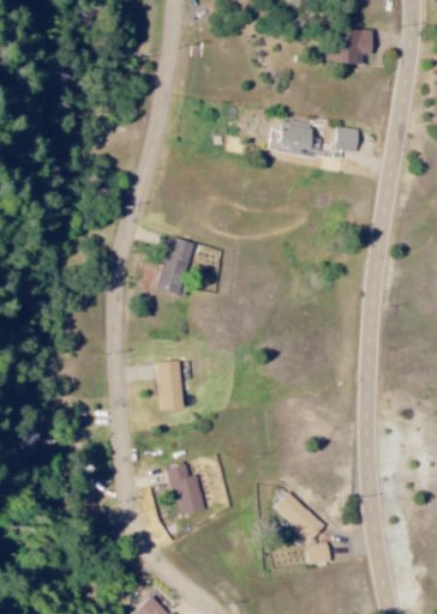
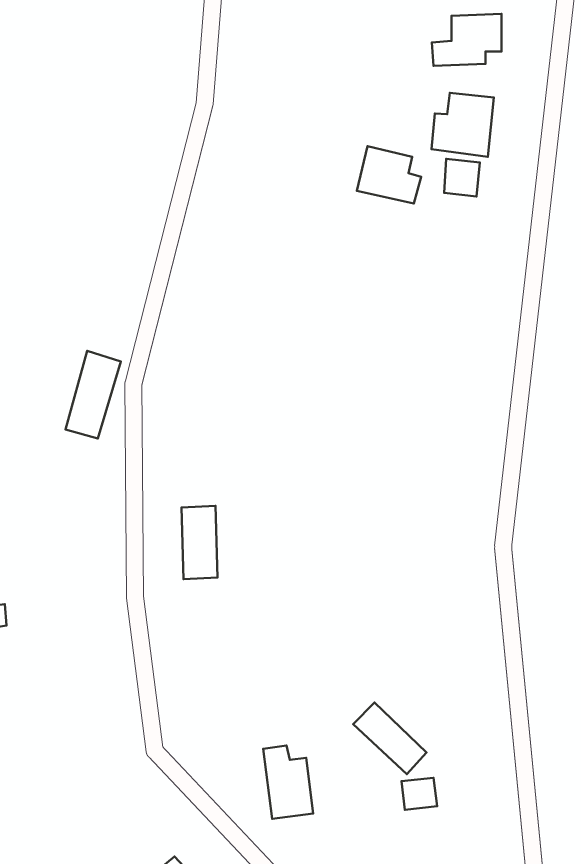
building: none -> [432,93,494,157]
building: [156,236,193,295] -> [66,351,121,438]
building: [169,465,203,514] -> [263,745,313,819]

